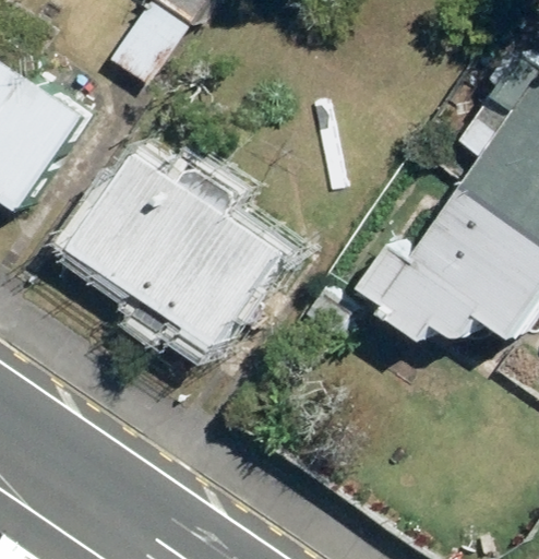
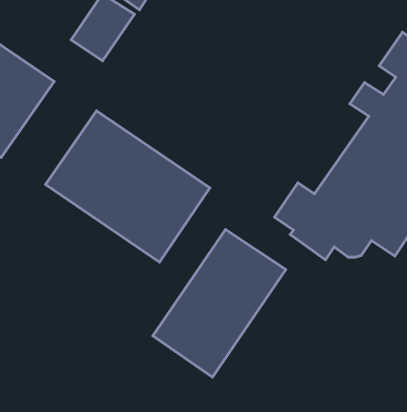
building: none -> [153,229,286,377]

